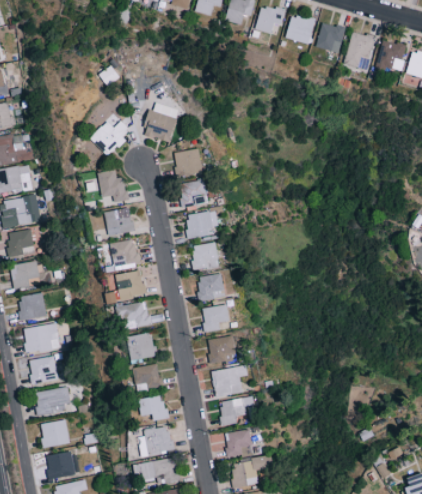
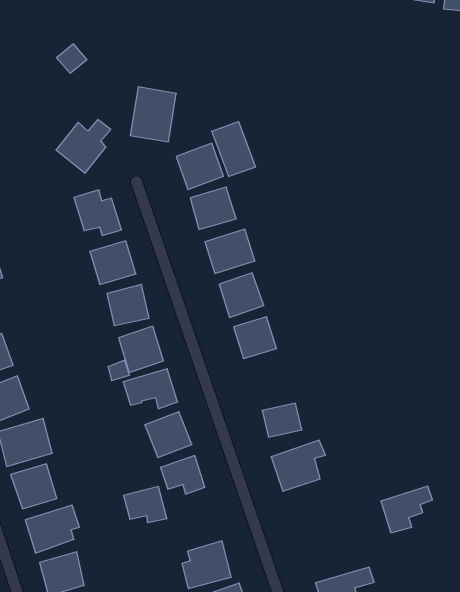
building: none -> [212,122,256,177]
building: [202,305,230,332] -> none
building: [139,396,167,420] -> [124,487,167,523]
building: [219,397,255,426] -> [381,486,432,533]
building: [224,429,254,456] -> none

